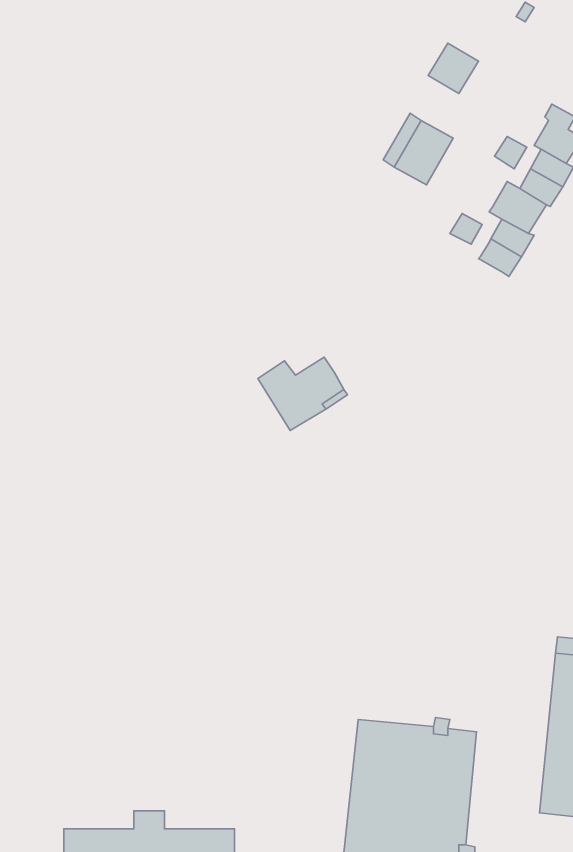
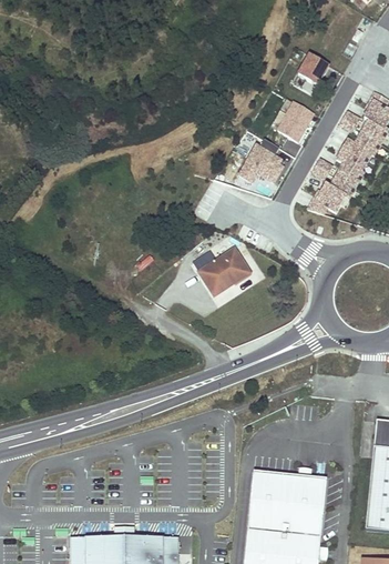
building: none -> [235,134,283,184]
building: none -> [306,182,344,211]

